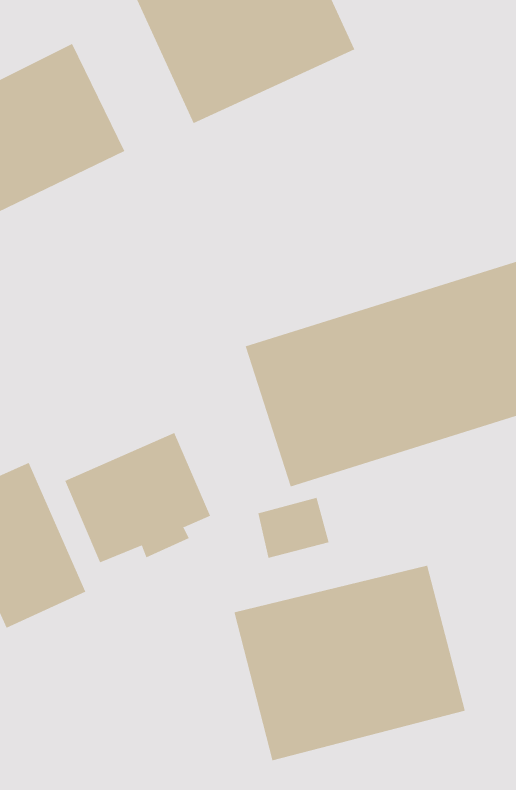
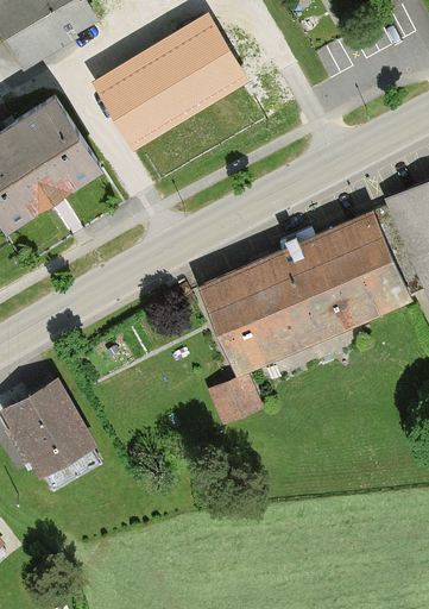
building: [64,432,211,563] -> none
building: [234,565,465,761] -> none

